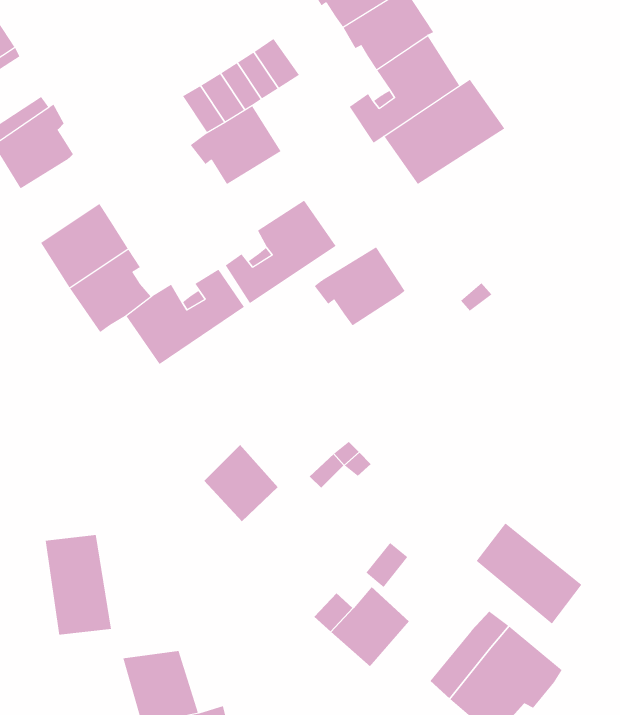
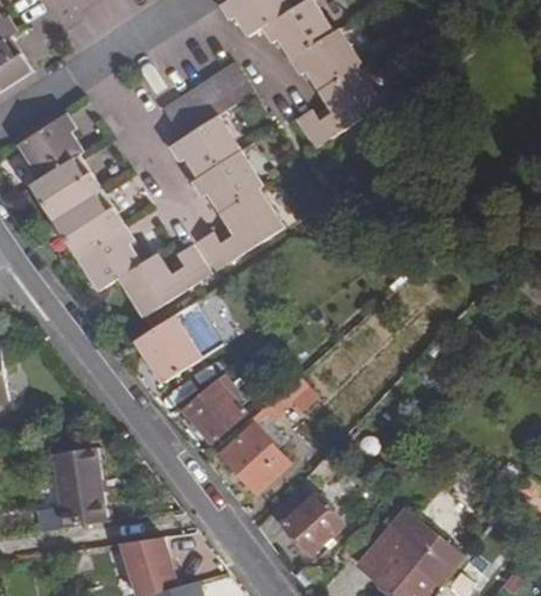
building: [384,79,505,185] -> none
building: none -> [27,157,99,223]
building: [314,247,406,326] -> [192,151,263,213]
building: none -> [133,298,222,381]
building: none -> [218,426,285,493]
building: [476,522,582,625] -> none

